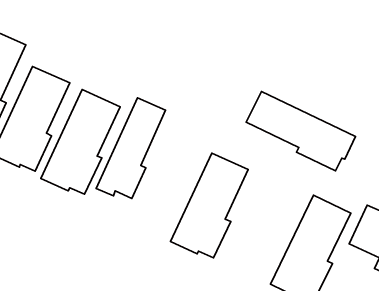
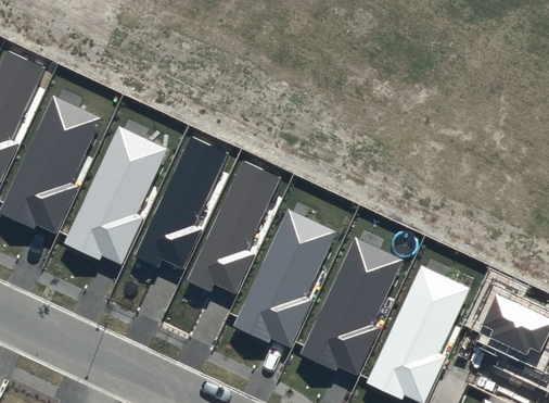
building: [246,91,356,171] -> none
building: none -> [187,161,280,294]
building: none -> [301,238,401,376]

